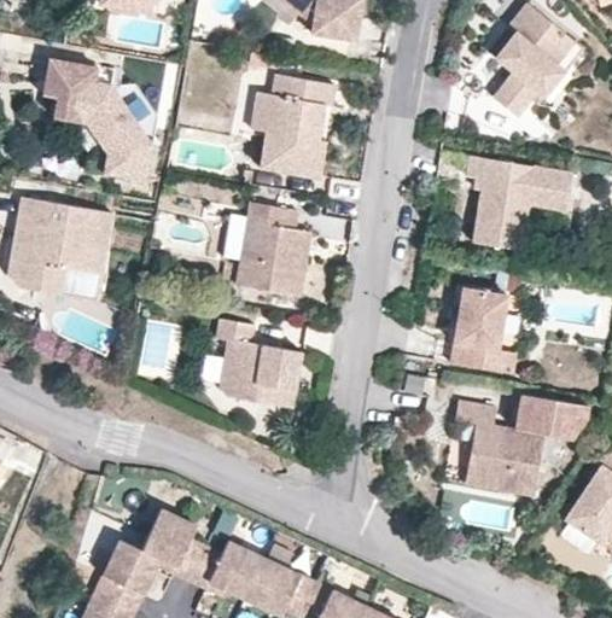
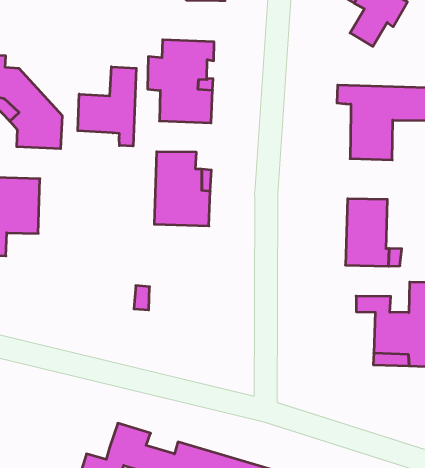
building: none -> [78,67,136,146]
building: [215,320,302,407] -> none

